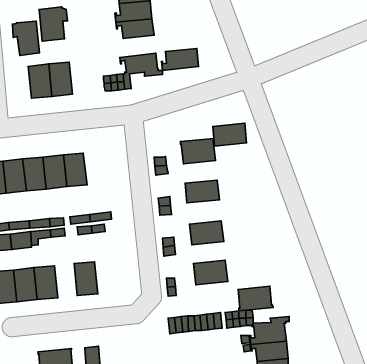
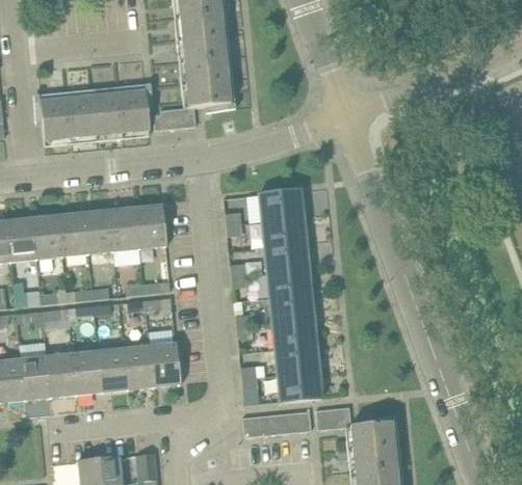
building: [39,7,68,41] -> [118,88,154,132]
building: [12,21,39,55] -> [35,97,70,140]
building: [162,48,198,70] -> [181,57,228,85]
building: [213,123,246,146] -> [263,216,306,245]
building: none -> [135,203,167,247]
building: none -> [267,266,311,297]
building: none -> [273,319,316,347]
building: none -> [150,341,182,385]
building: none -> [99,347,128,390]
building: [238,286,273,311] -> [279,370,323,401]

